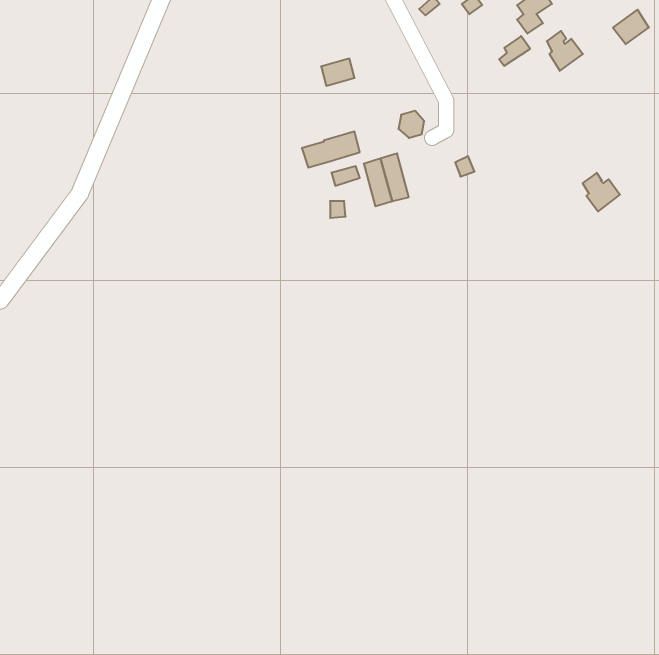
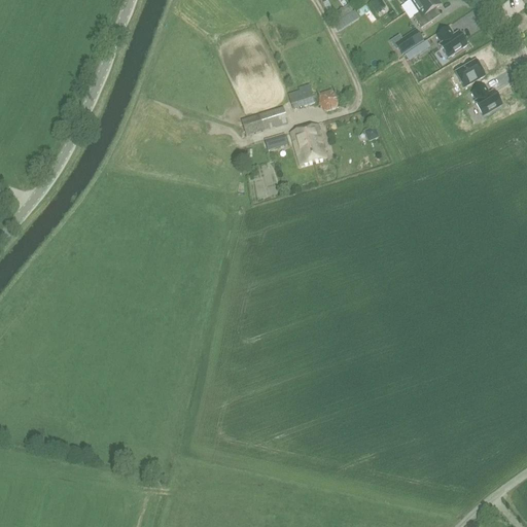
building: [613,10,649,44] -> [457,60,486,87]
building: [321,59,355,86] -> [288,85,315,107]
building: [583,173,620,211] -> [477,85,506,116]

